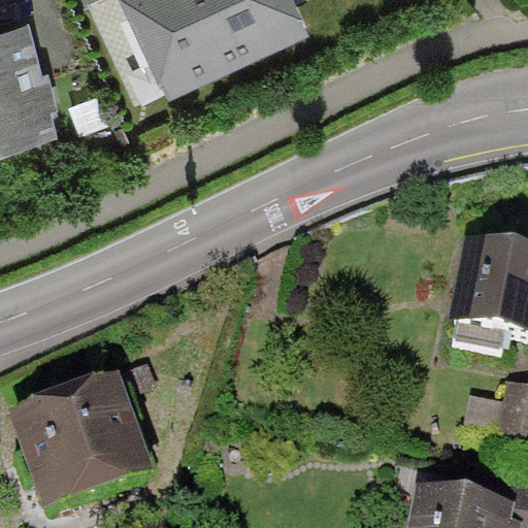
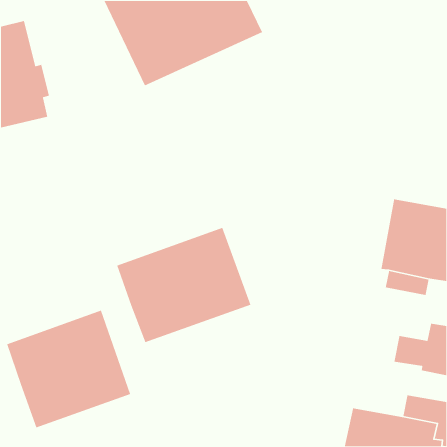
building: none -> [116,227,252,343]

